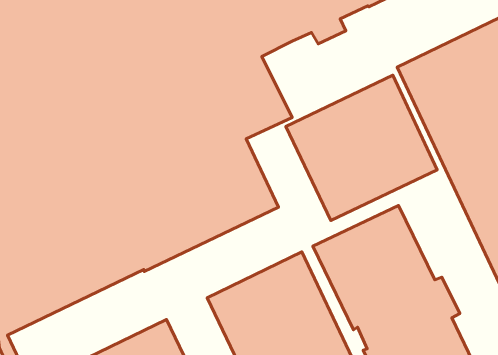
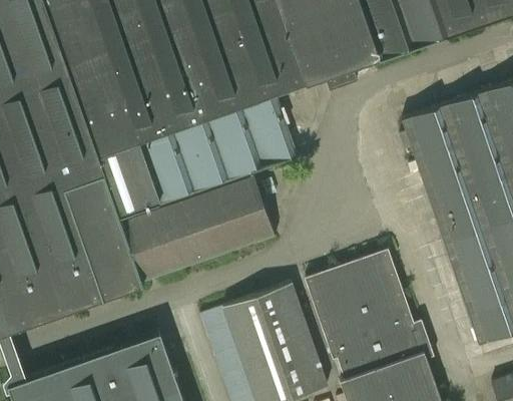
building: [286,75,437,220] -> none

